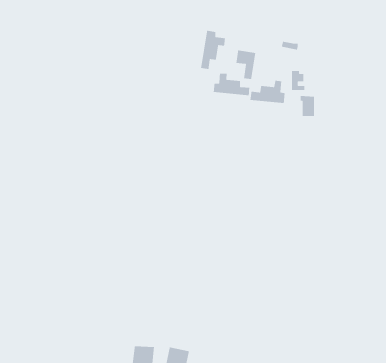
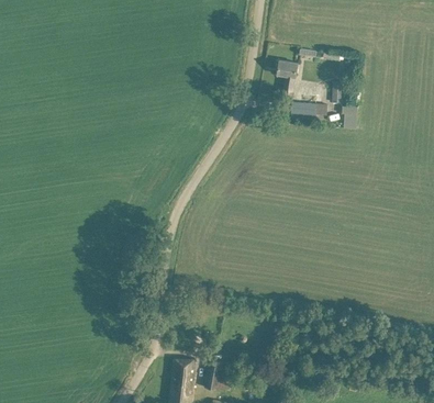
building: [200,30,226,70] -> none
building: [213,73,250,96] -> none

